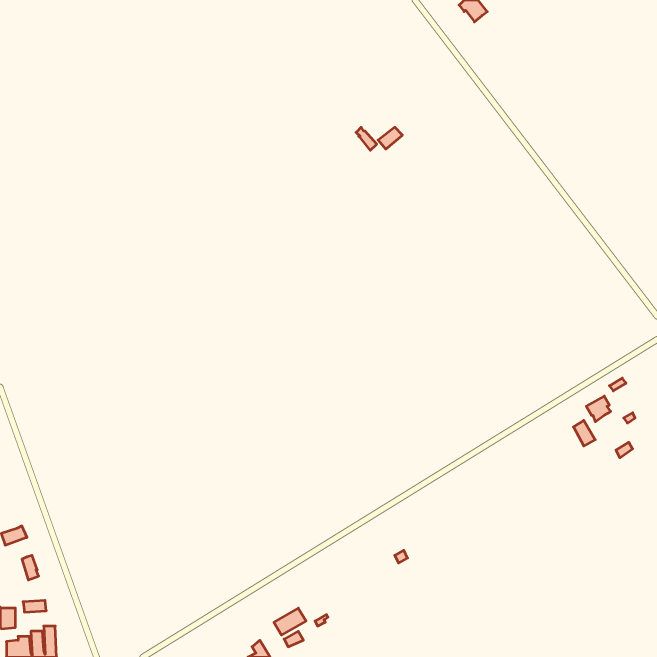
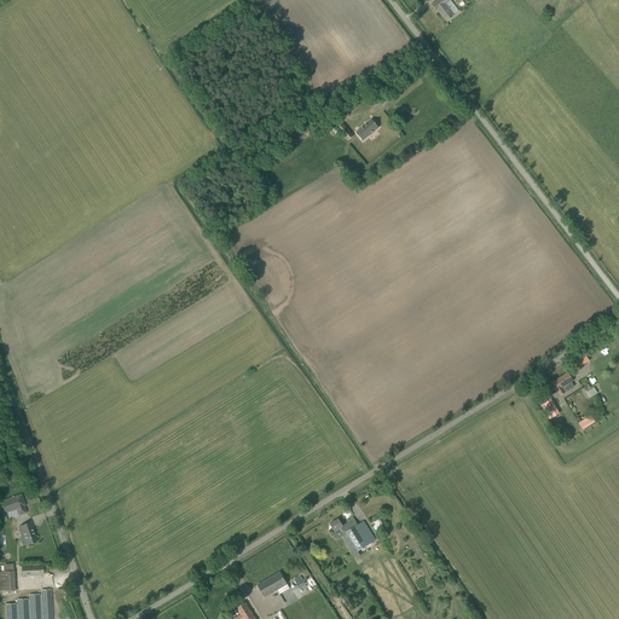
building: none -> [329,519,375,553]

